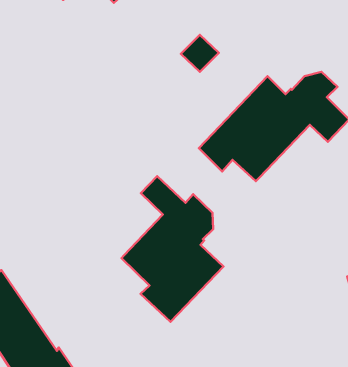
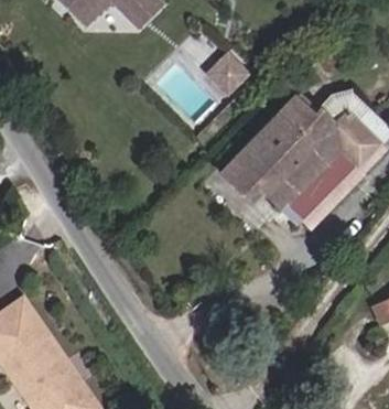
building: none -> [287,148,364,226]
building: [122,176,223,322] -> none

